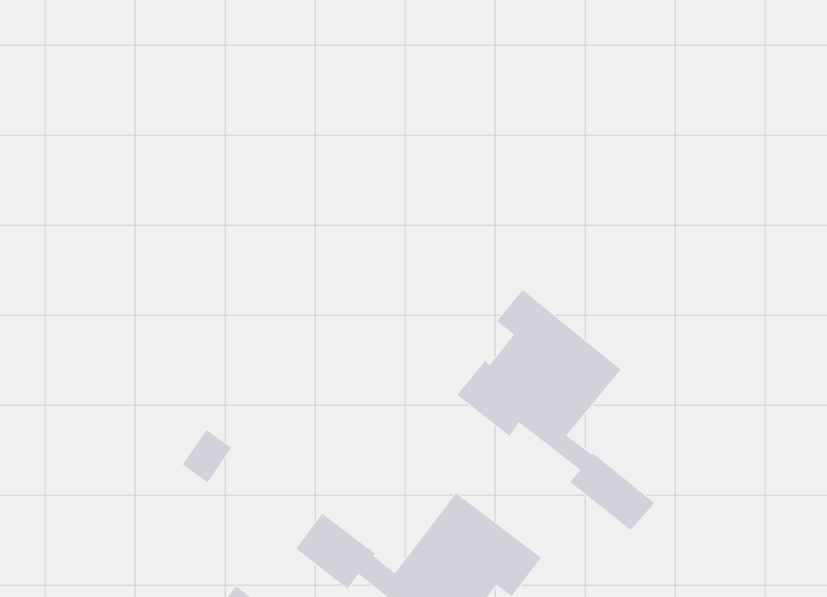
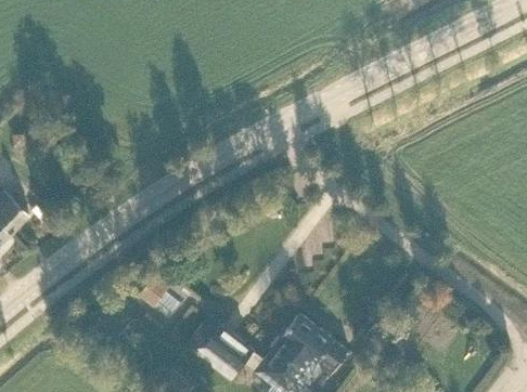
building: [457,289,655,531] -> none

